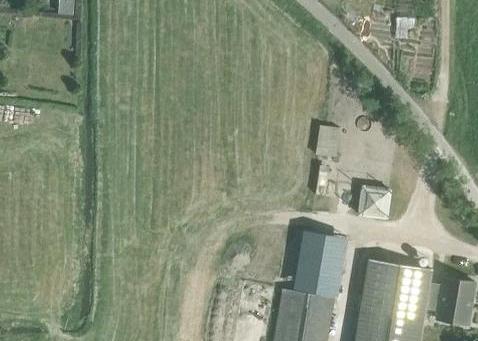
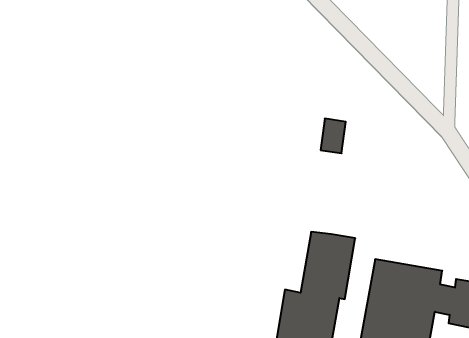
building: [357,186,391,220] -> none

